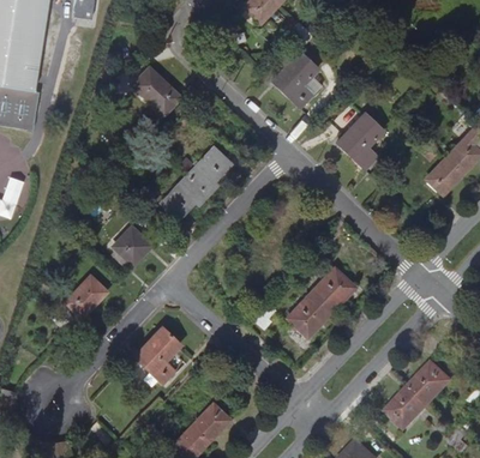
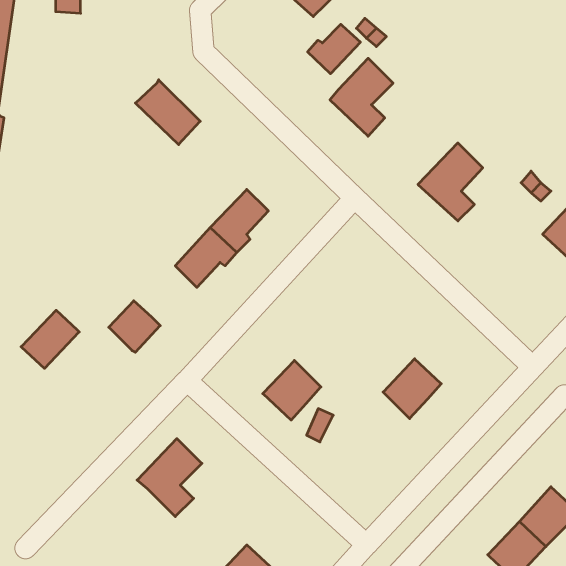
building: none -> [308,24,360,74]
building: [64,273,106,315] -> [21,310,79,368]
building: [288,291,330,335] -> [263,360,321,420]

